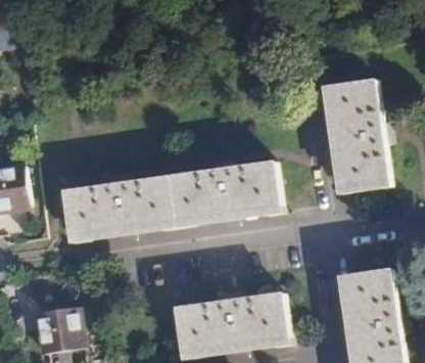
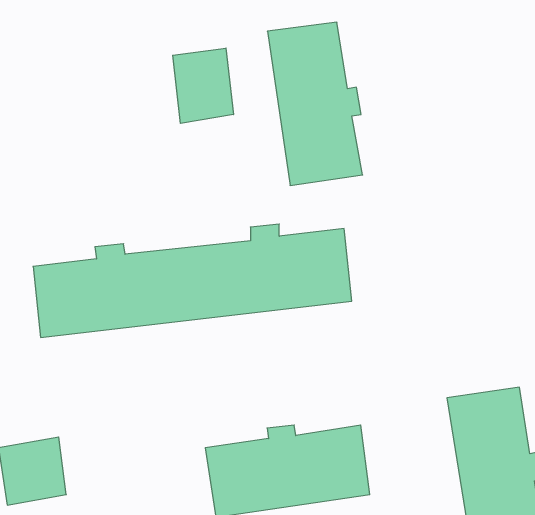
building: none -> [173,48,233,123]
building: [322,83,386,193] -> [267,22,363,185]

